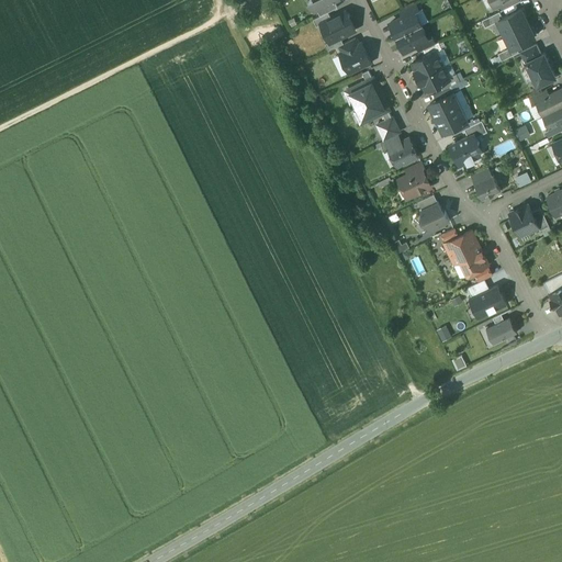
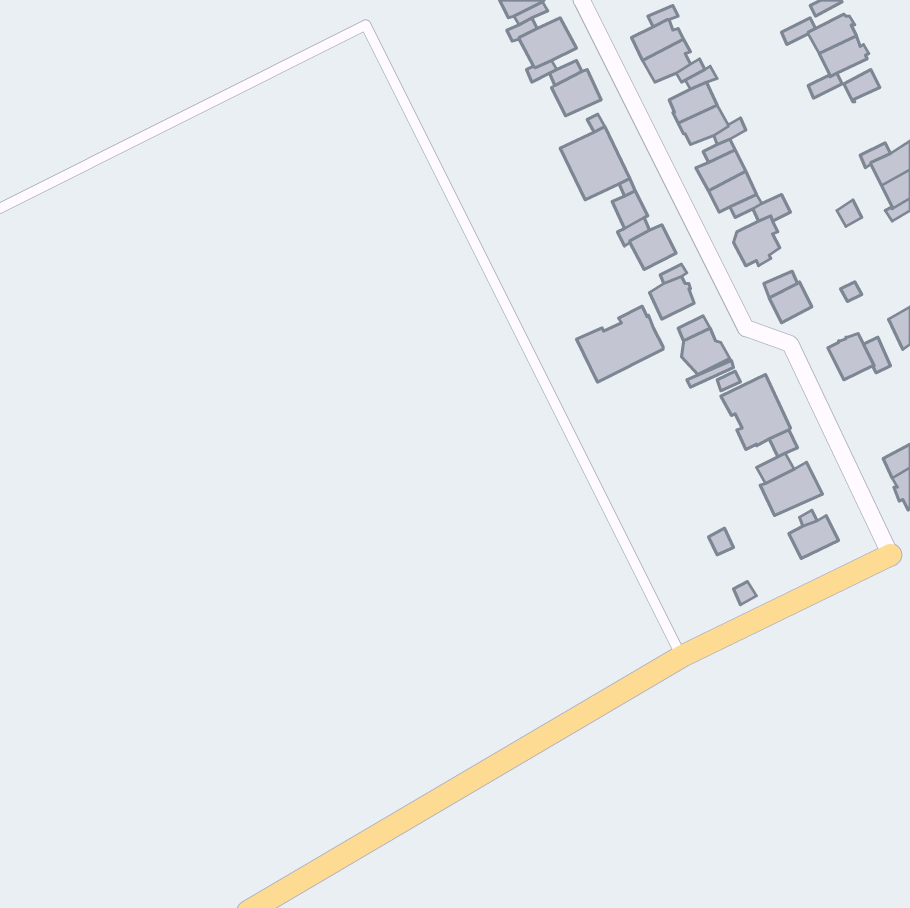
building: [525,55,554,87] -> none
building: none -> [577,306,663,382]

